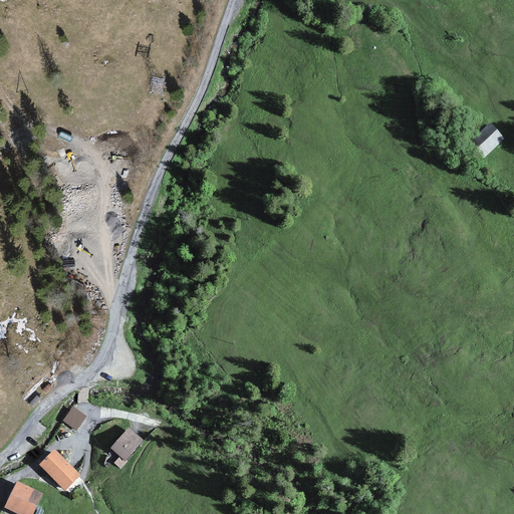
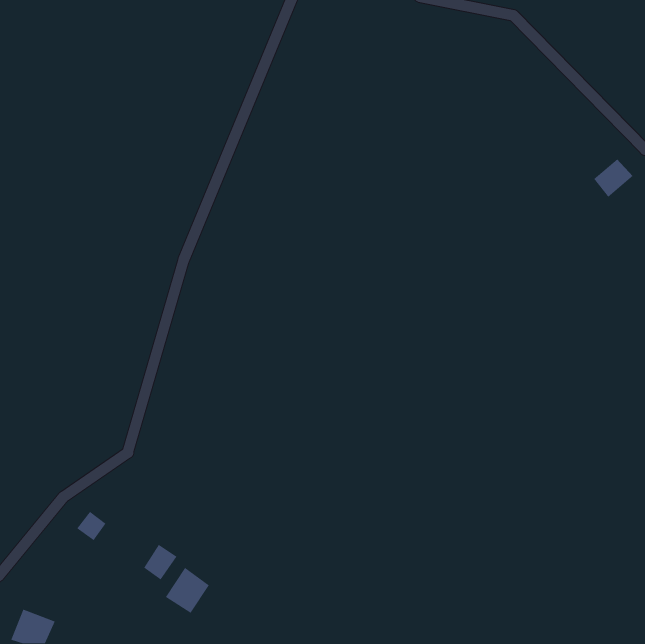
building: none -> [165,567,210,614]
building: [38,450,77,490] -> none

